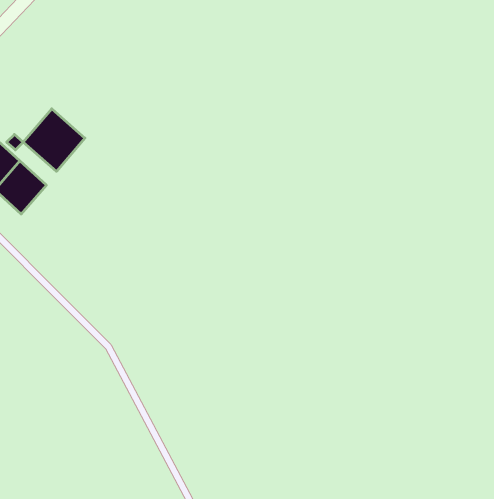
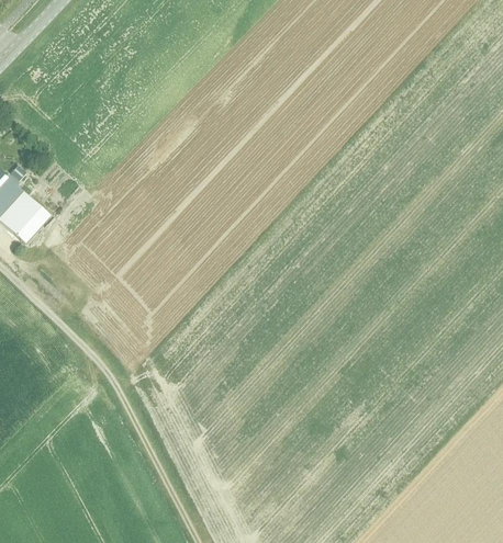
building: [23,109,85,171] -> none

